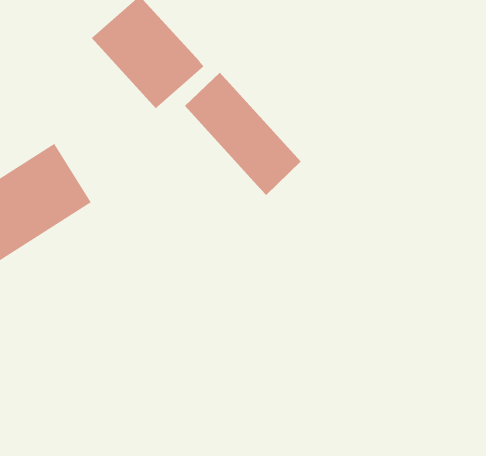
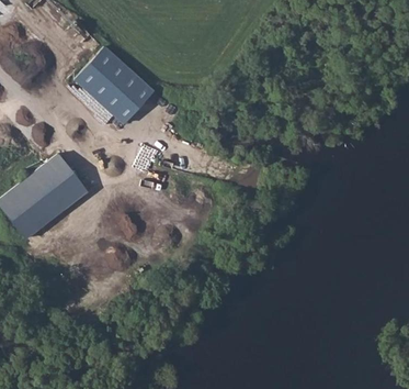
building: [184,72,301,196] -> none

